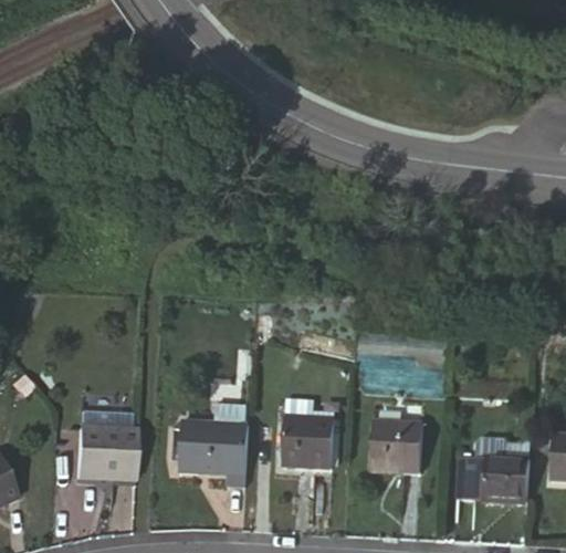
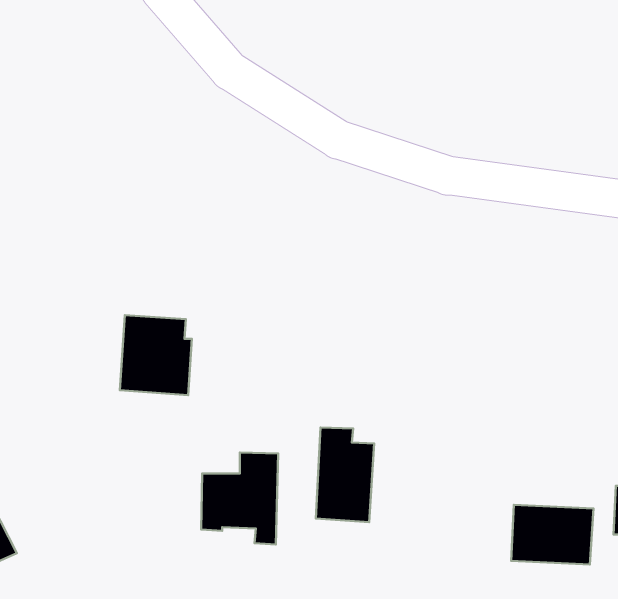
building: [69,407,133,478] -> [120,315,192,395]
building: [373,420,423,476] -> none

